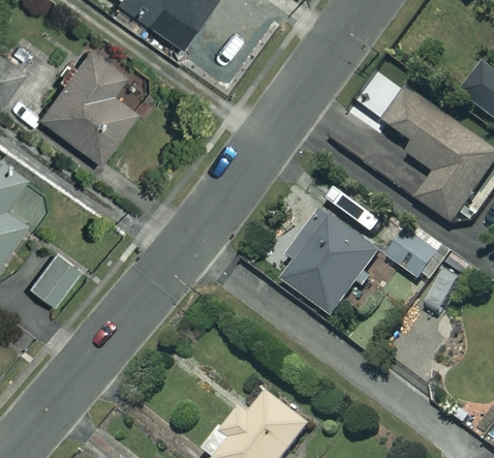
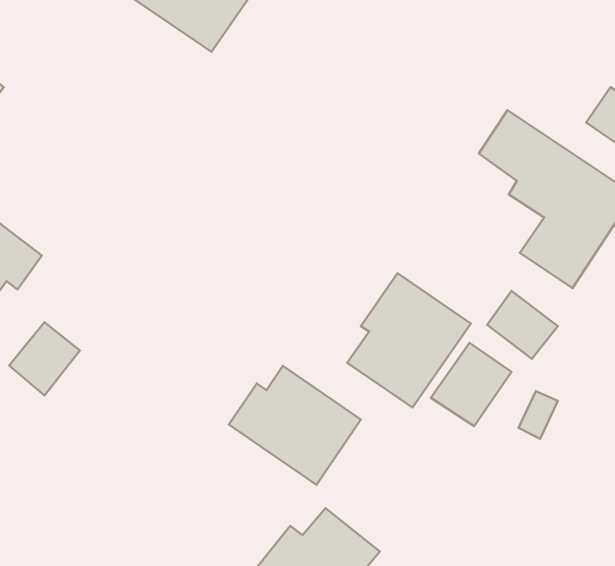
building: [38,48,133,160] -> none
building: none -> [431,343,511,426]
building: none -> [229,366,361,485]

